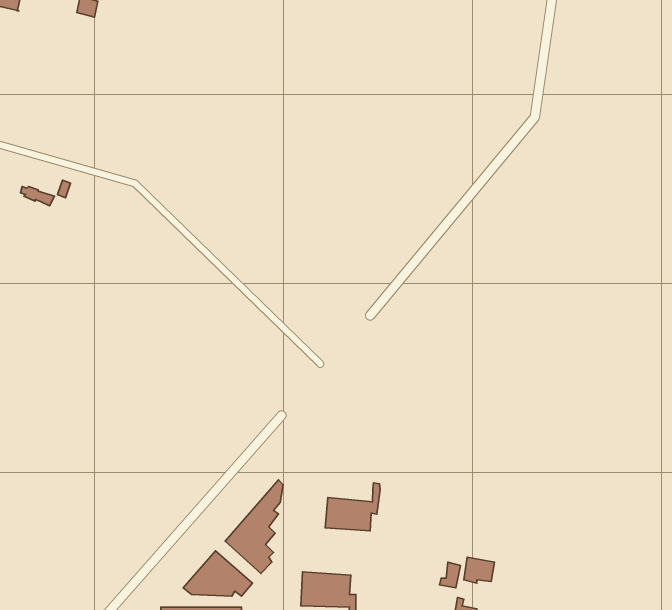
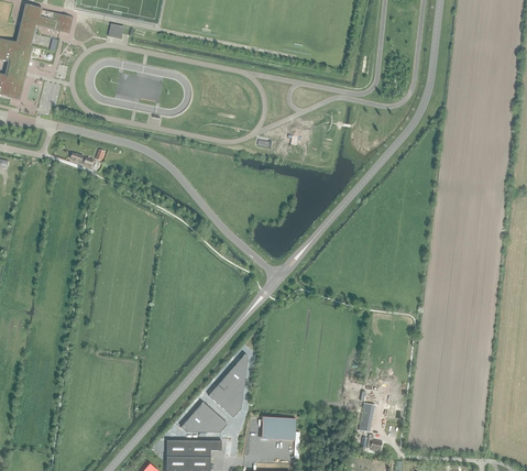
building: [325,483,380,531] -> none

